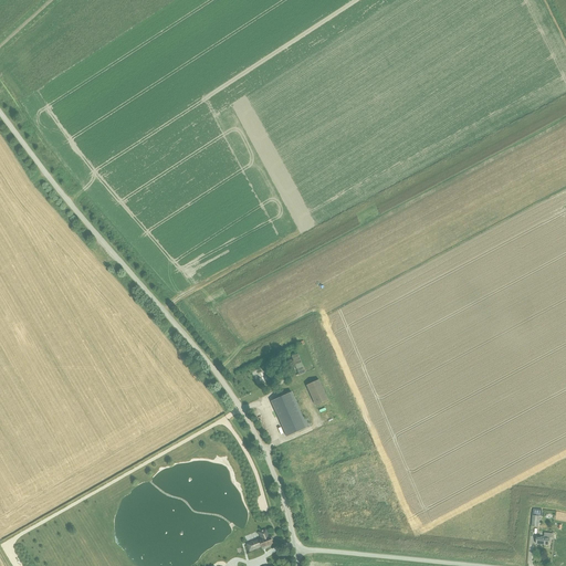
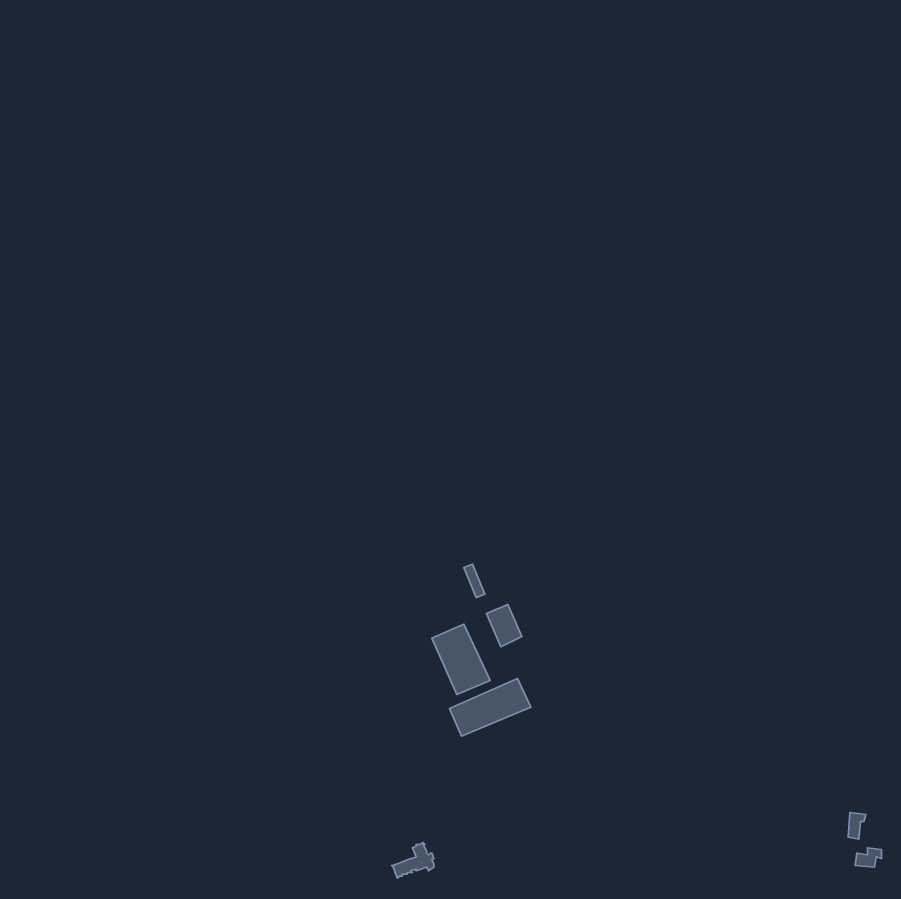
building: none -> [450,679,531,736]

